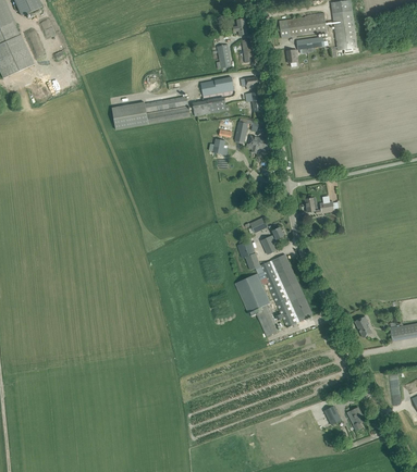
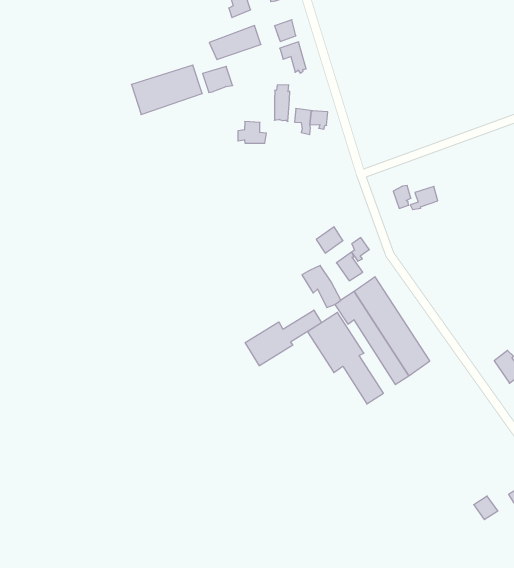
building: [111,101,148,129] -> none
building: none -> [245,310,321,366]

